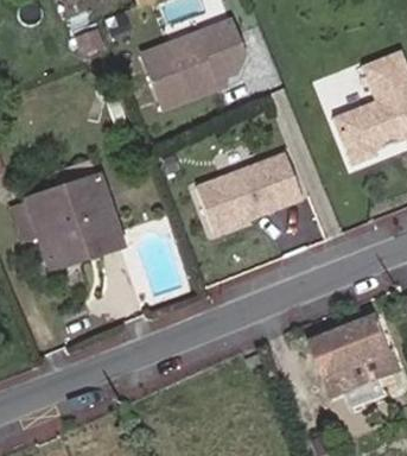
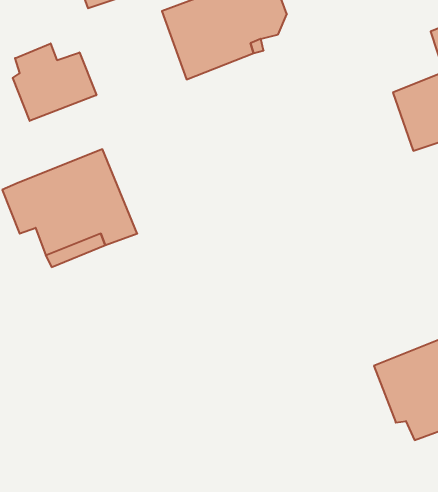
building: none -> [13,43,96,121]
building: [192,154,298,230] -> none

